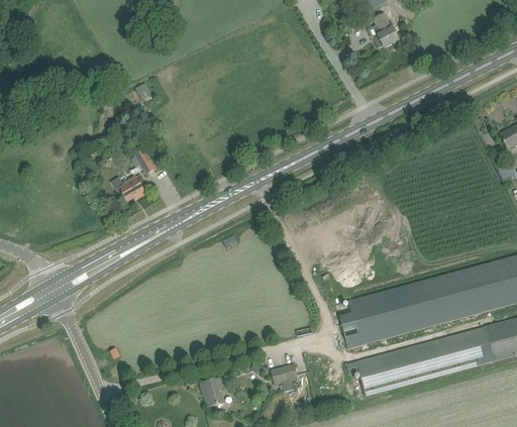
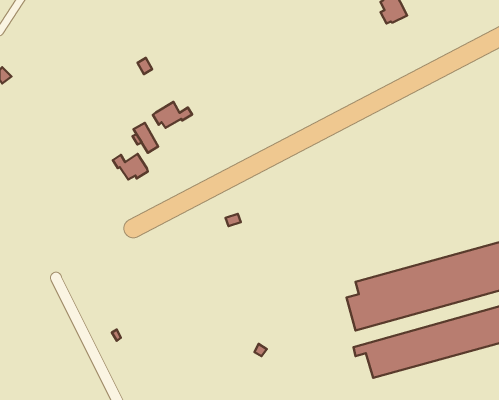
building: none -> [153,102,192,128]
building: [271,363,298,391] -> none
building: [201,377,224,406] -> none

